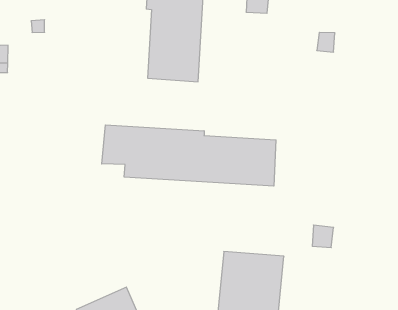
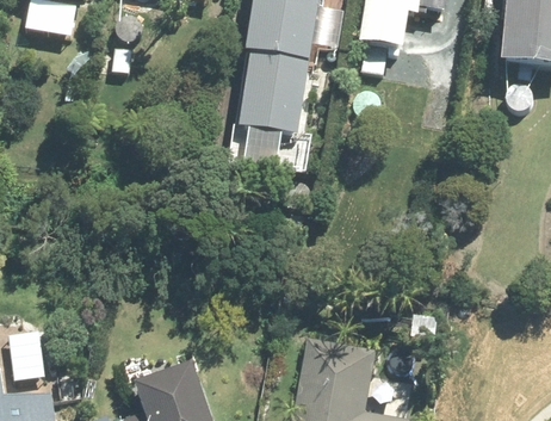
building: [102,125,276,186] -> none

